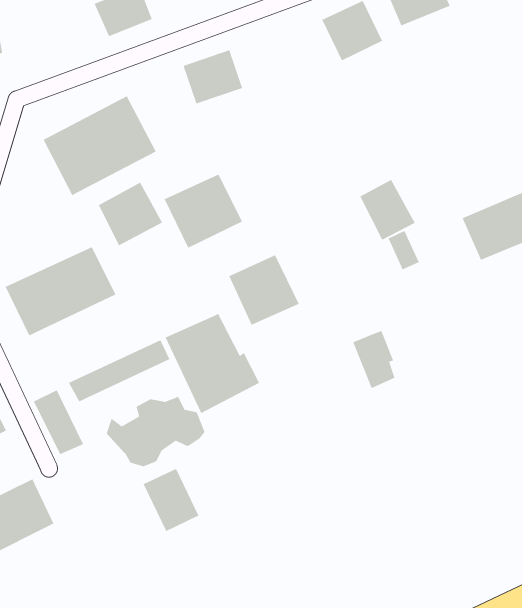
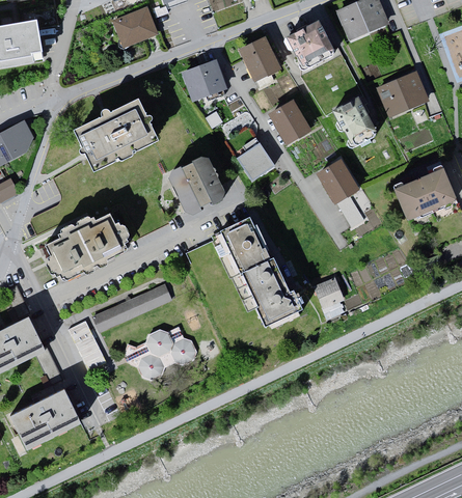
building: none -> [238,38,279,81]
building: none -> [376,71,429,117]
building: none -> [330,99,376,149]
building: none -> [269,100,312,144]
building: none -> [236,141,275,182]
building: [98,181,163,246] -> none
building: [165,313,260,414] -> [234,252,307,330]
building: [143,468,200,532] -> none

